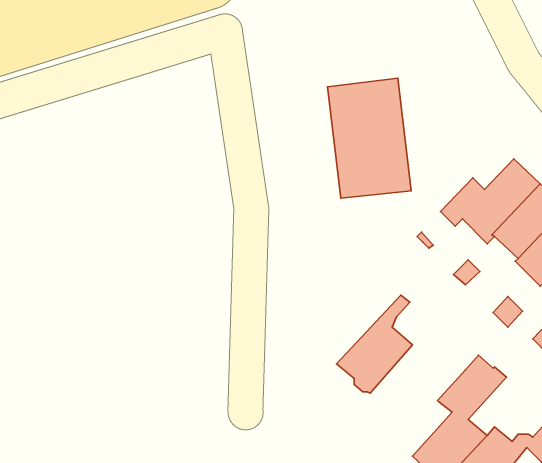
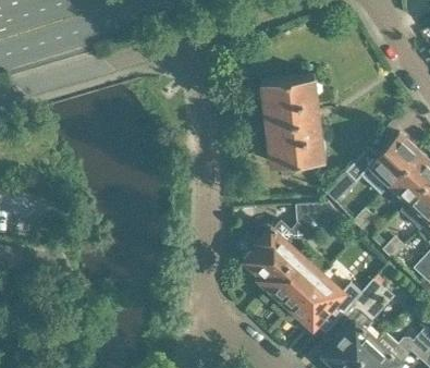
building: none -> [245,204,335,287]
building: none -> [292,273,363,335]

